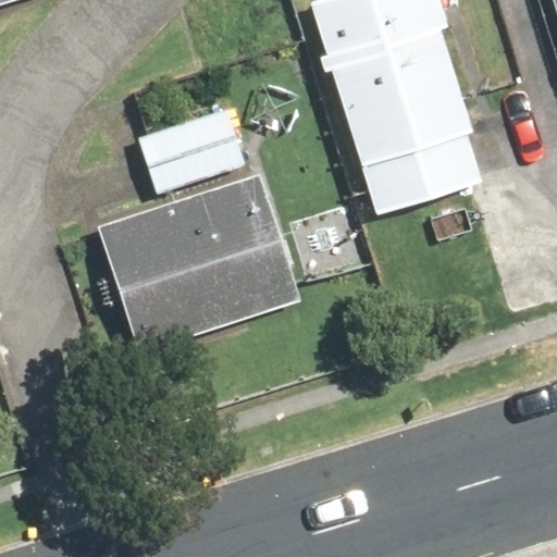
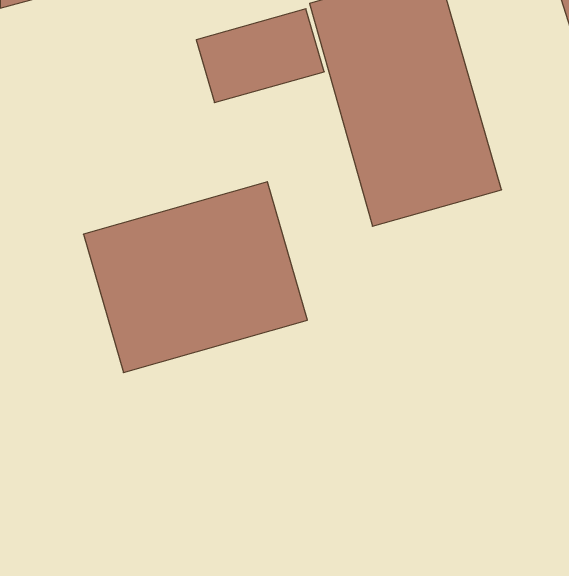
building: [136,101,258,190] -> [196,9,324,103]

